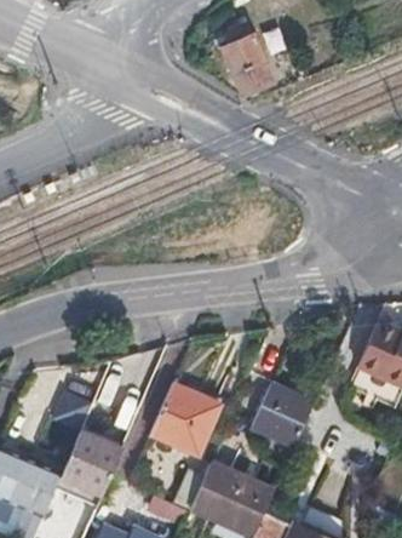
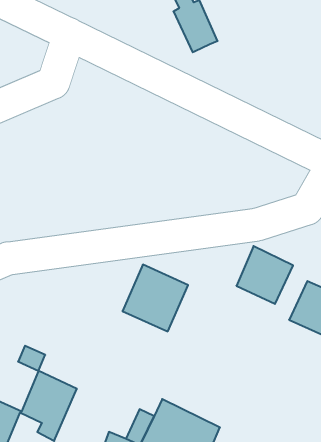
building: [150,384,220,456] -> [122,265,188,331]
building: [253,384,314,446] -> [236,246,293,304]

